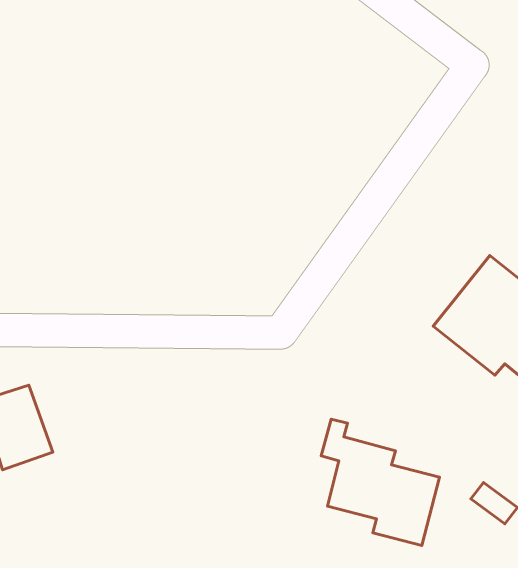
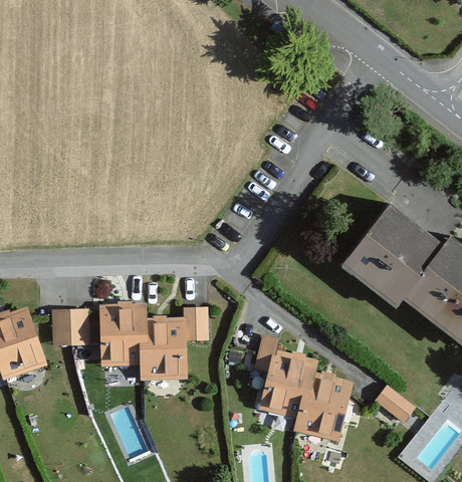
building: none -> [100,306,206,379]
building: none -> [52,311,83,343]

